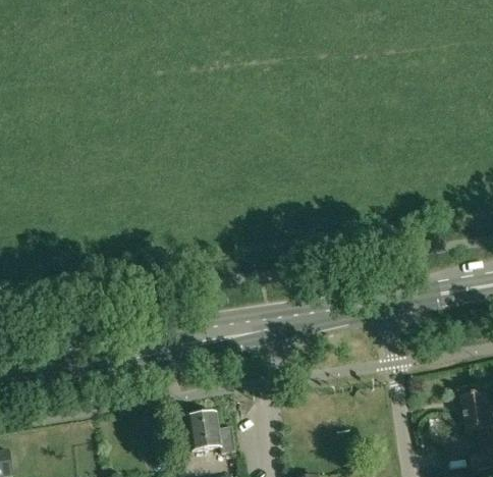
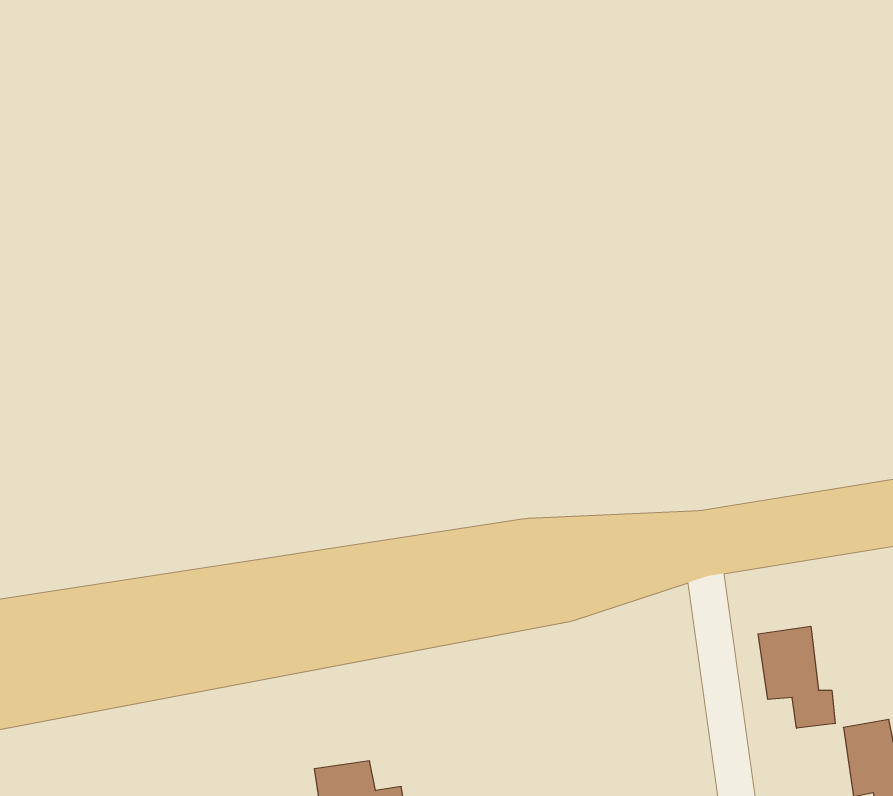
building: none -> [758,626,835,728]

